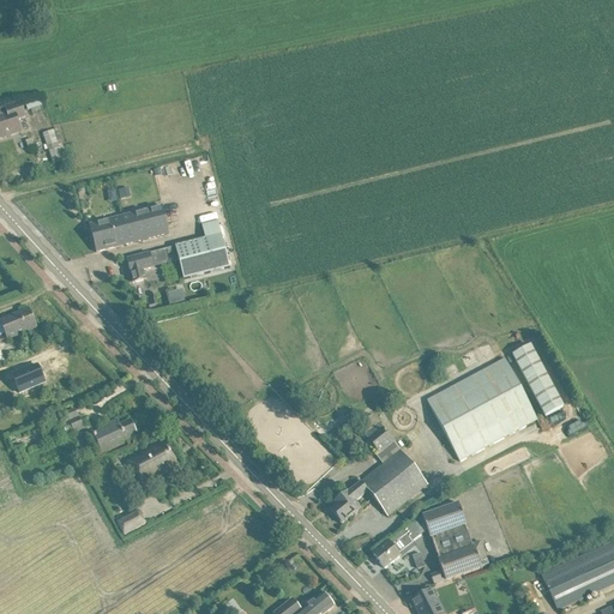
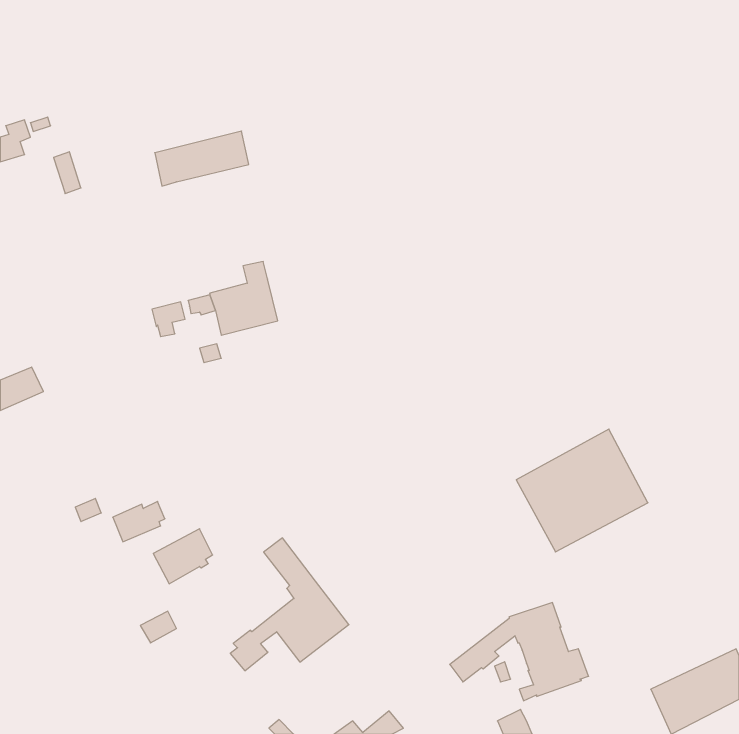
building: [90,204,168,249] -> [155,131,249,186]
building: [513,343,562,414] -> none
building: [12,362,44,390] -> none
building: [330,411,428,522] -> [230,538,349,671]

